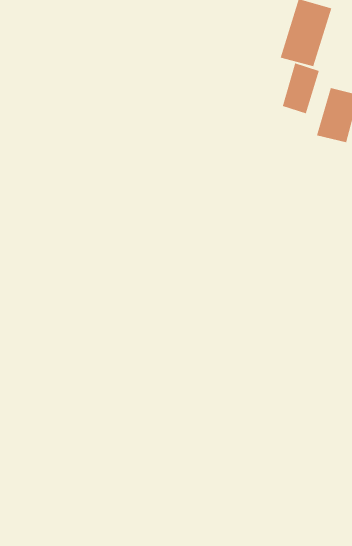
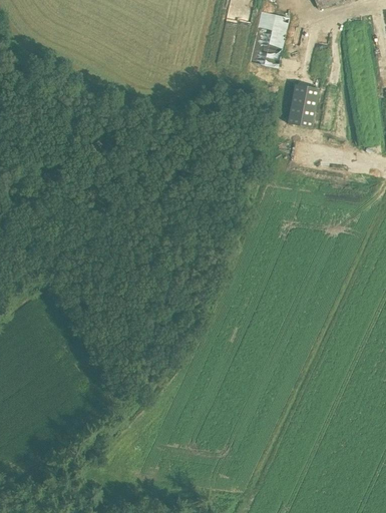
building: [282,63,320,114] -> none

